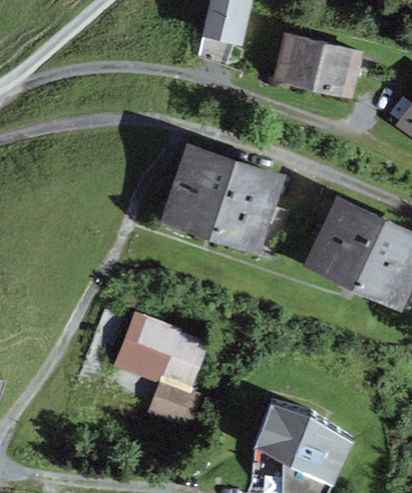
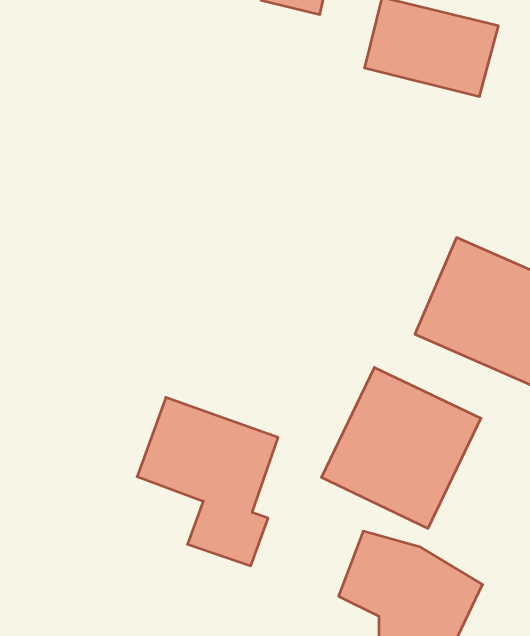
building: [161,144,286,255] -> none
building: none -> [322,367,481,528]

